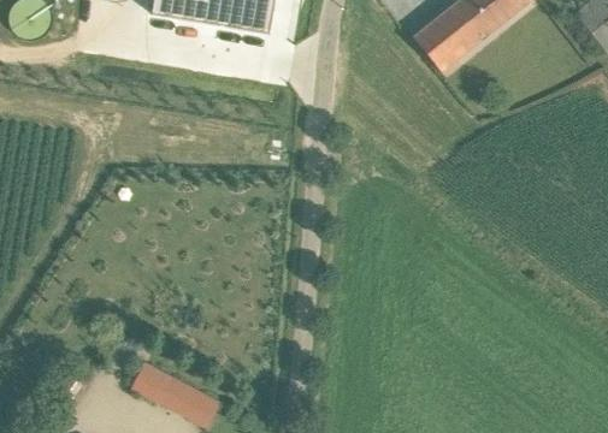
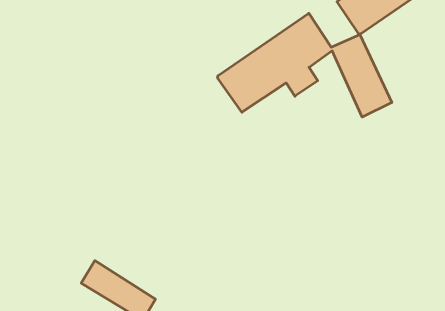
building: none -> [218,13,392,117]

